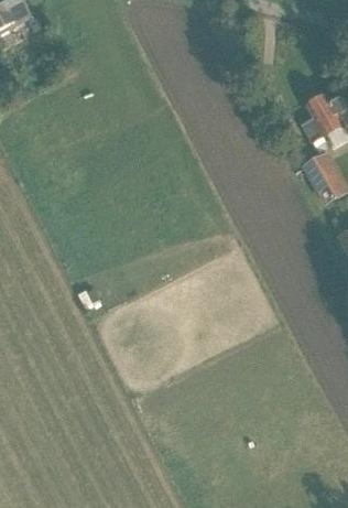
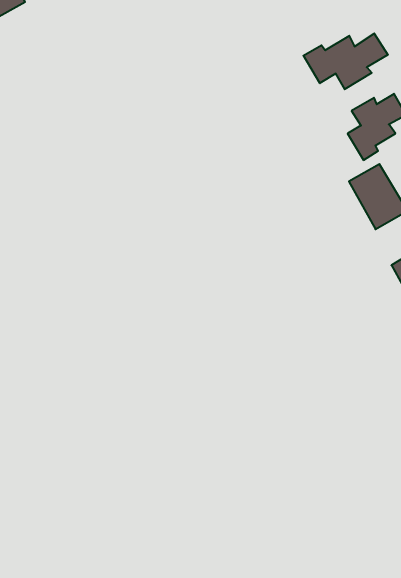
building: none -> [303,33,388,89]

